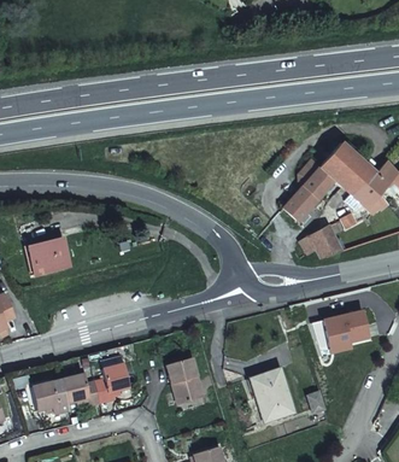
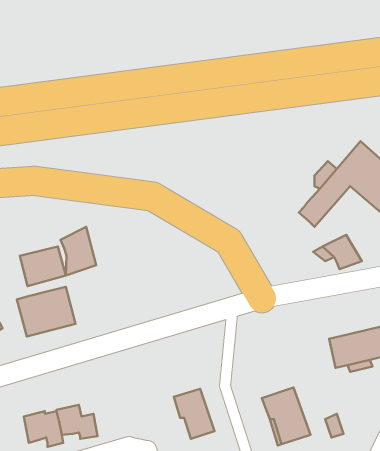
building: none -> [60,227,96,276]
building: none -> [17,287,76,337]
building: [95,363,129,410] -> none

